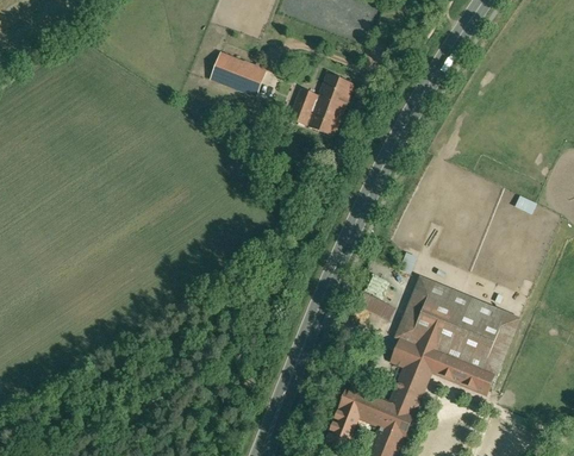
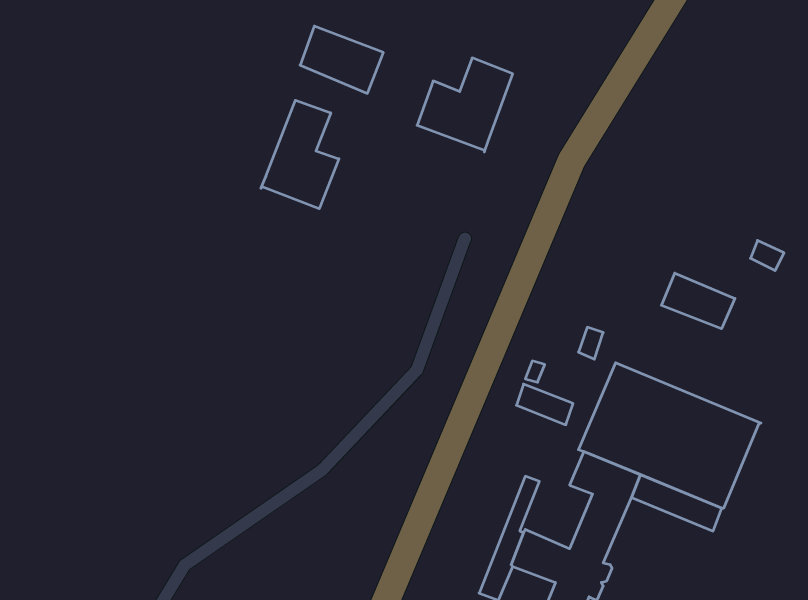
building: none -> [261,100,339,209]
building: none -> [661,273,735,329]

